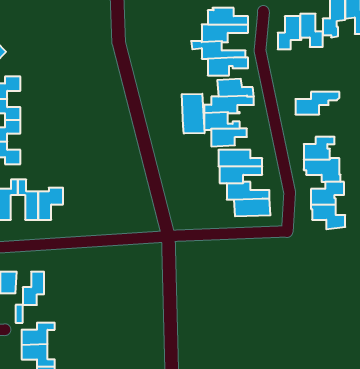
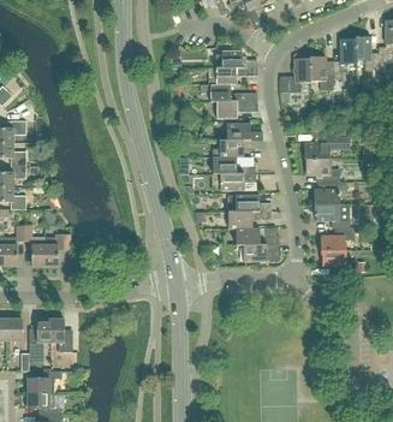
building: [182,94,204,134] -> none
building: none -> [305,159,340,182]
building: none -> [50,319,73,351]

